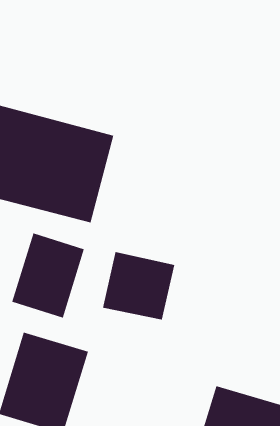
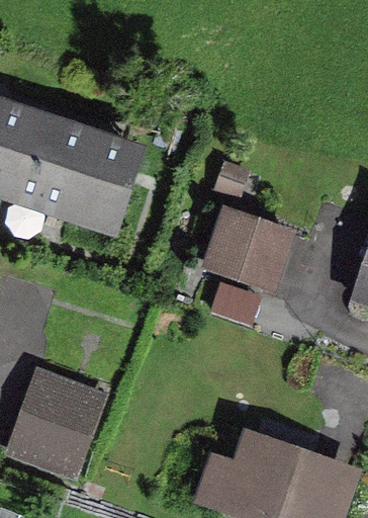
building: [12,232,85,318] -> none
building: [102,252,175,320] -> [208,213,288,289]

